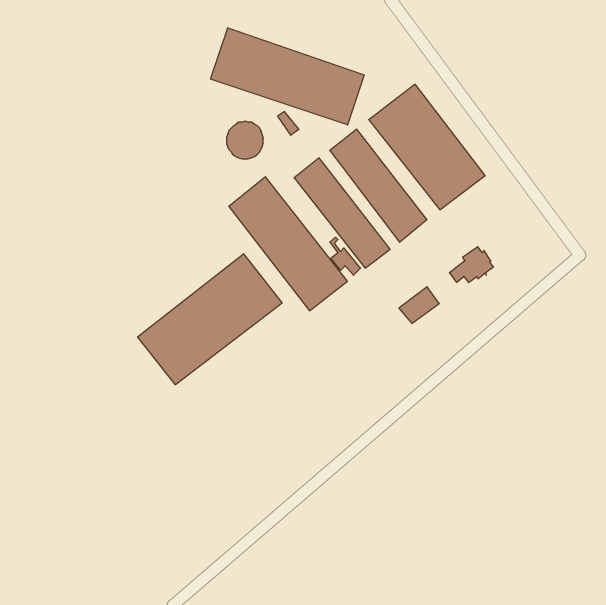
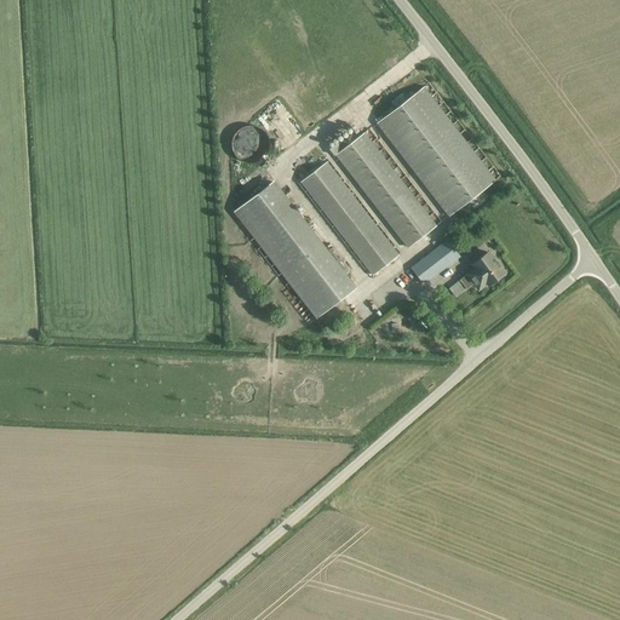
building: [211,28,364,125] -> none
building: [138,254,282,385] -> none
building: [399,287,439,324] -> [411,245,452,282]

